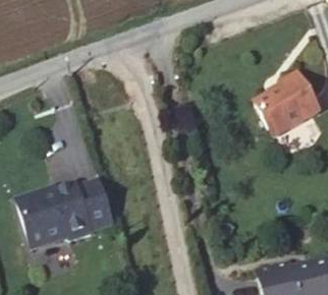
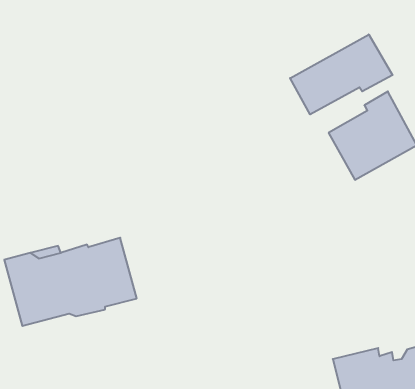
building: none -> [290,34,393,114]

